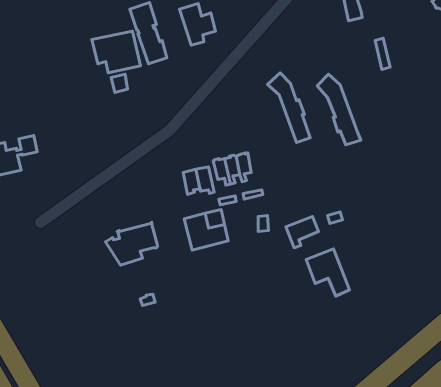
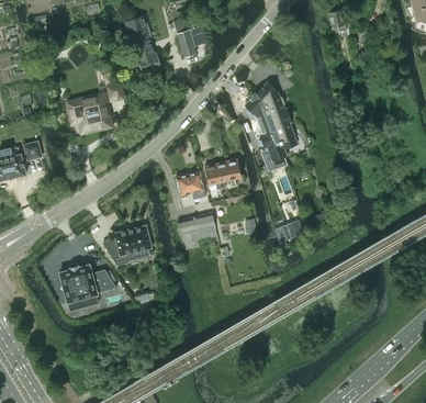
building: [92,31,140,73] -> [66,93,112,133]
building: [317,74,361,145] -> [245,93,287,160]
building: [306,249,350,296] -> none
building: none -> [59,264,116,307]

